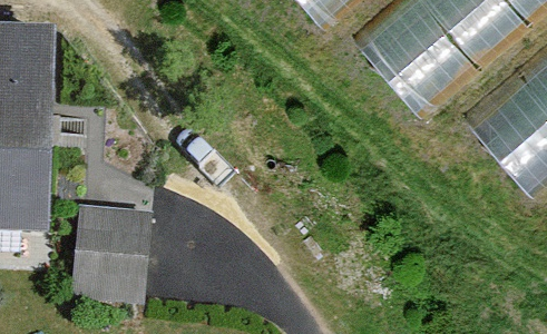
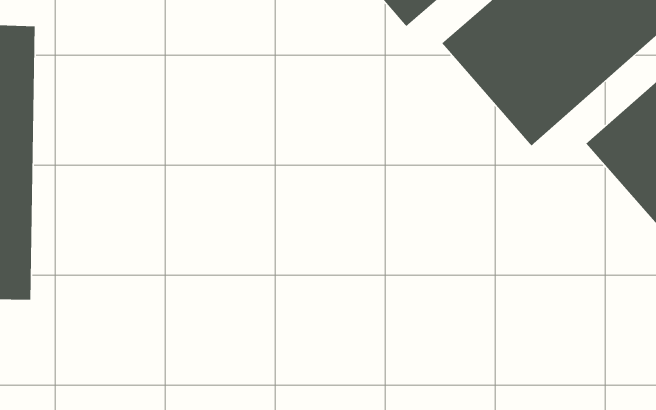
building: [69,198,162,303] -> none

